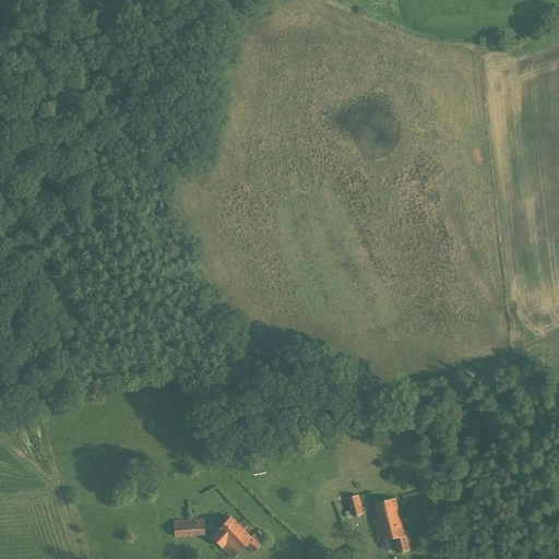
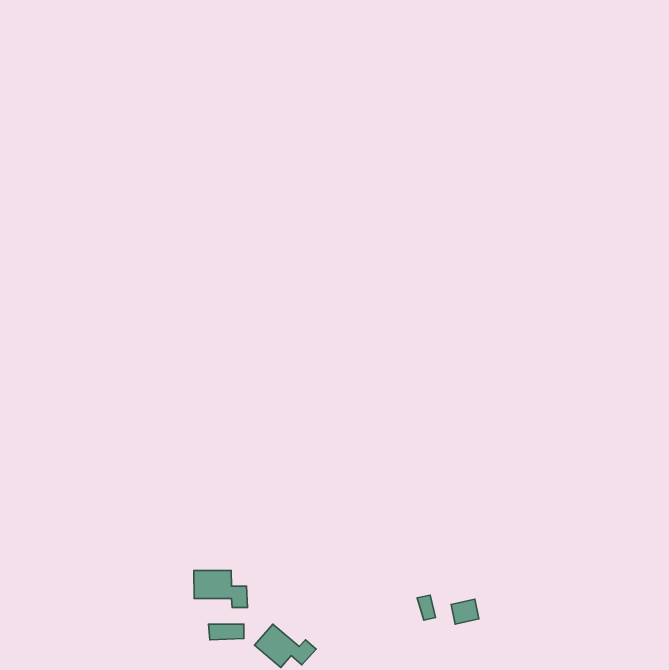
building: none -> [194,571,247,608]
building: [374,515,411,552] -> none

